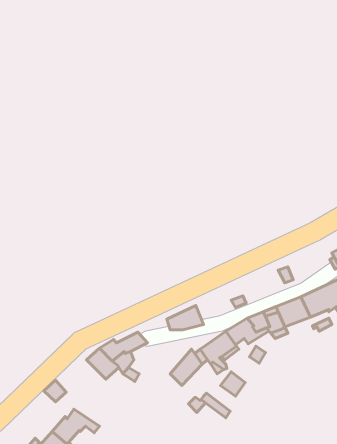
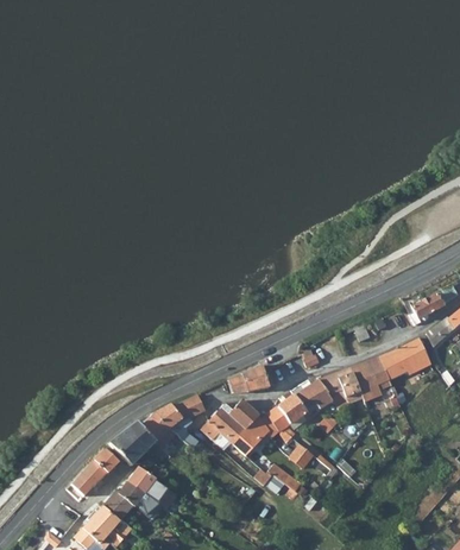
building: none -> [204,400,257,442]
building: none -> [107,422,172,464]
building: none -> [71,461,106,495]
building: none -> [126,467,165,502]

